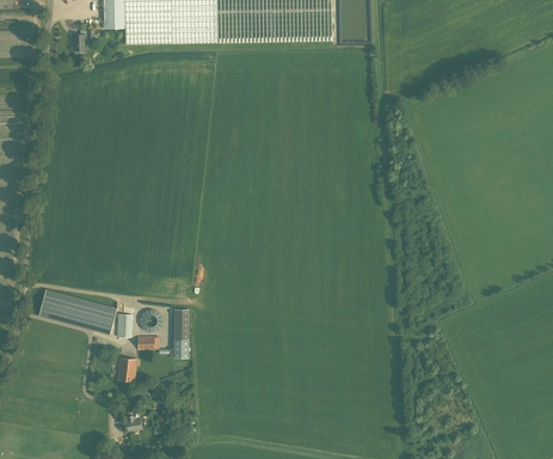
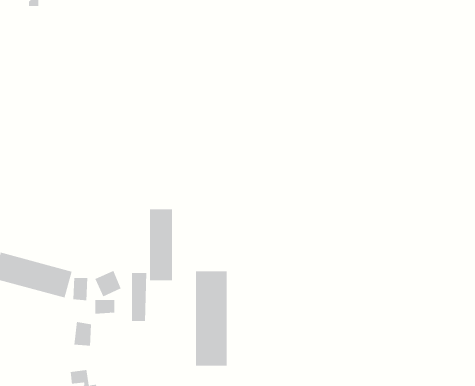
building: none -> [150,208,173,281]
building: none -> [196,271,227,366]

